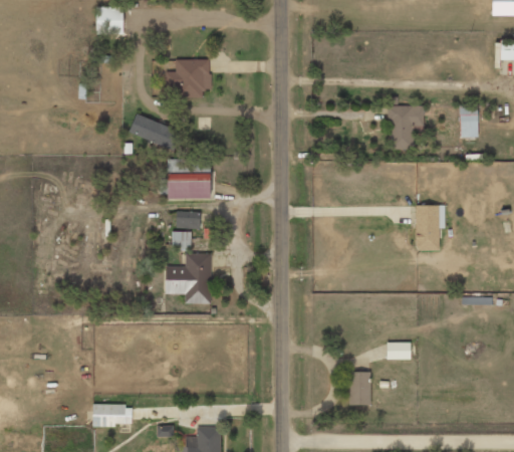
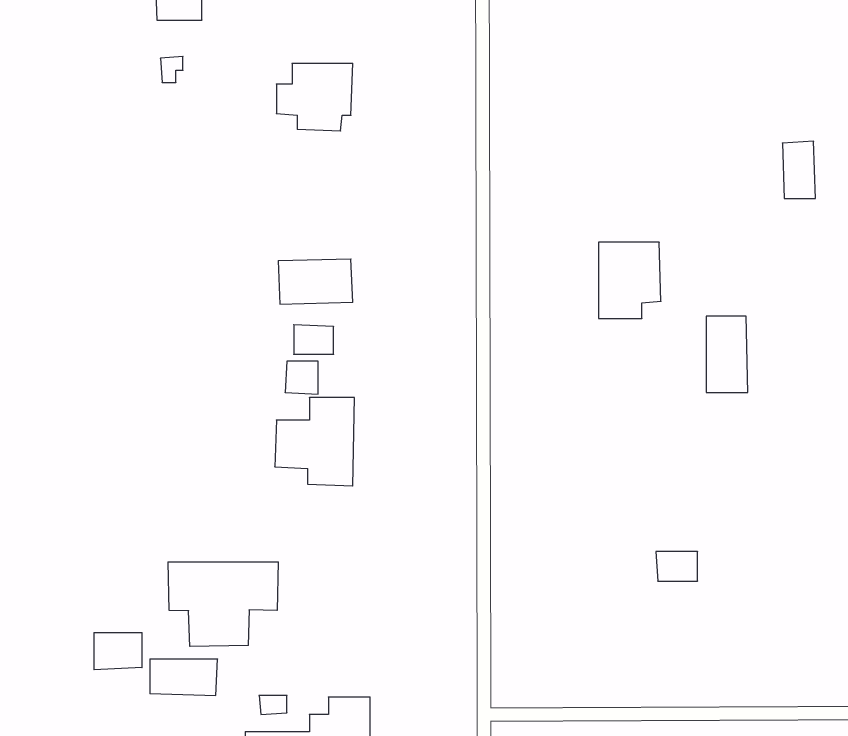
building: [389,105,425,150] -> [599,242,661,318]
building: [130,114,184,151] -> none
building: none -> [168,562,278,646]
building: [348,372,370,405] -> none
building: none -> [94,633,142,670]

